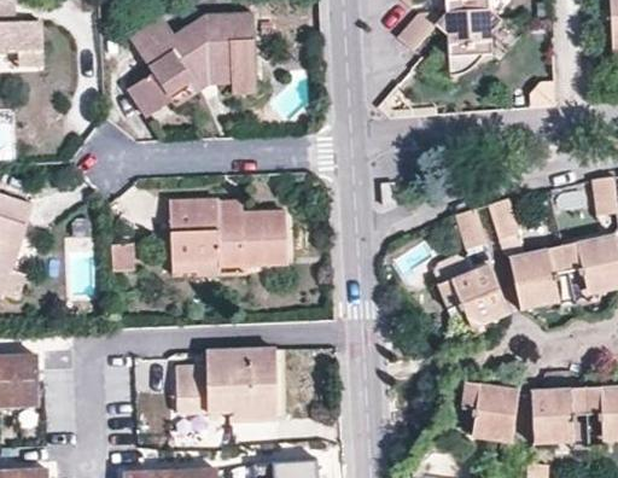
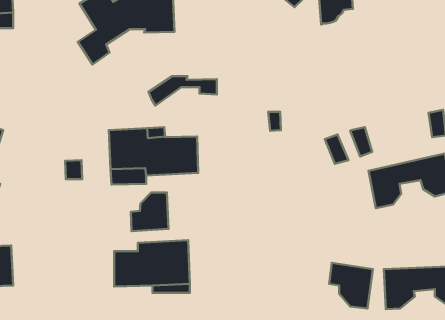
building: [164,70,255,109] -> [148,76,217,105]
building: [437,256,508,325] -> none
building: none -> [131,192,168,231]

